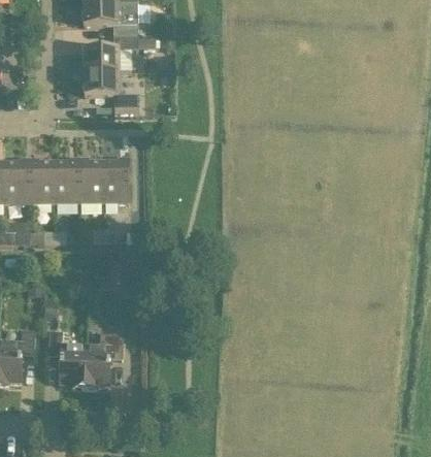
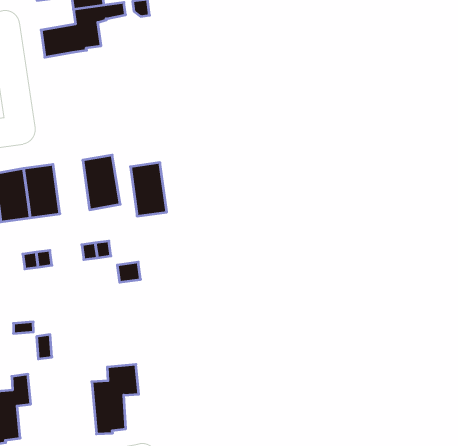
building: [84,71,139,107] -> none
building: [78,161,103,202] -> [130,163,167,216]
building: [48,331,86,387] -> none

